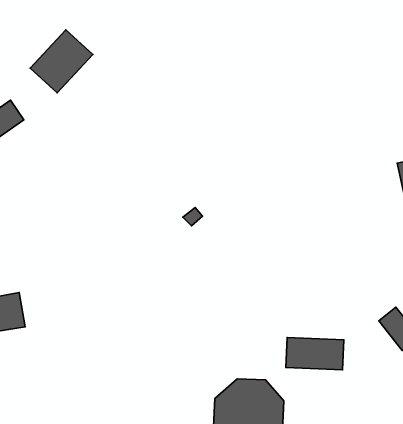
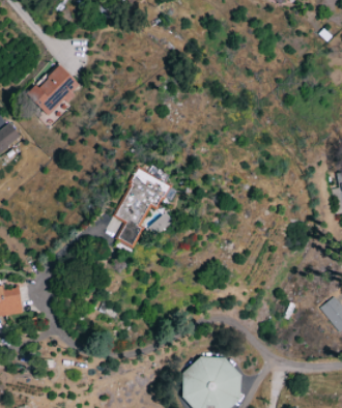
building: none -> [114,169,170,247]
building: [286,337,344,370] -> none

